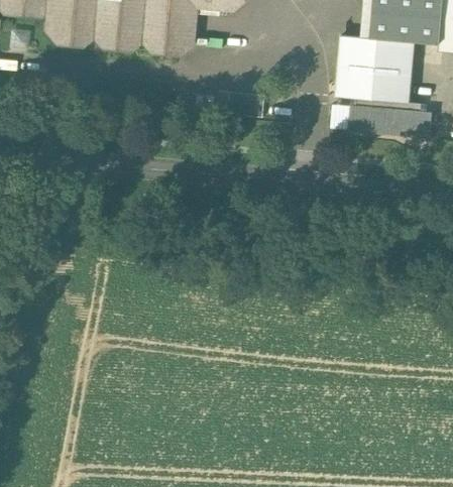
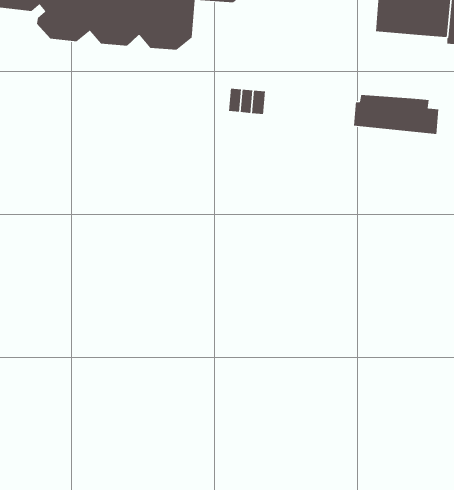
building: [335,30,414,98] -> none

